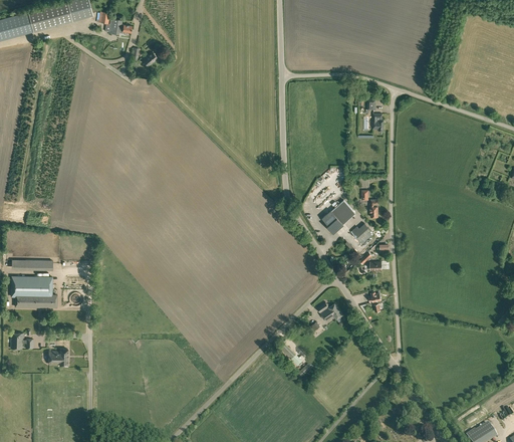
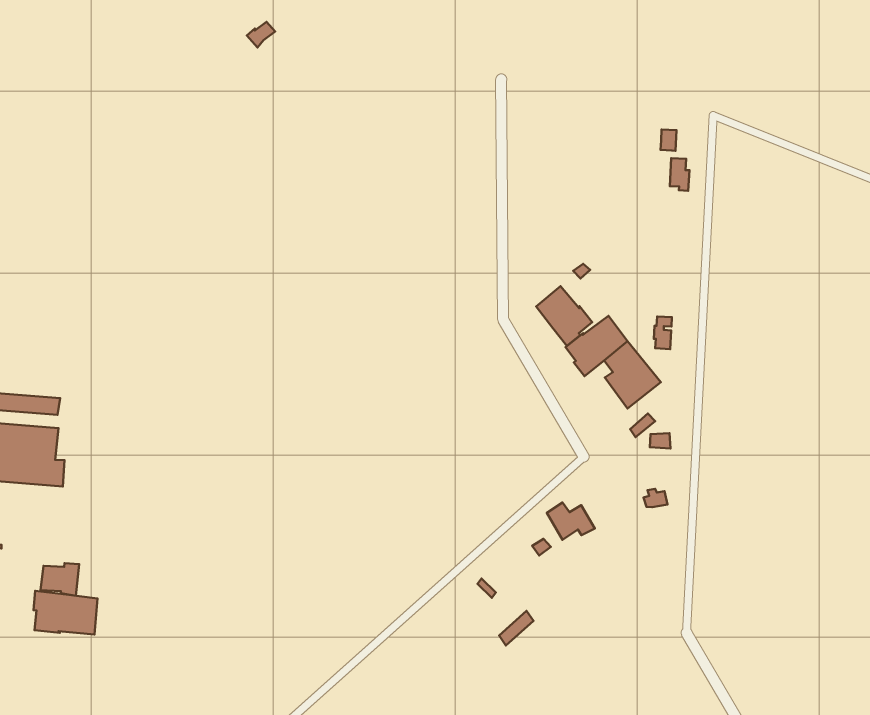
building: none -> [536,286,592,346]
building: none -> [33,591,98,634]

